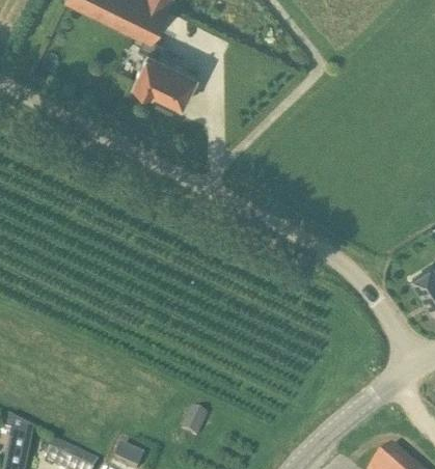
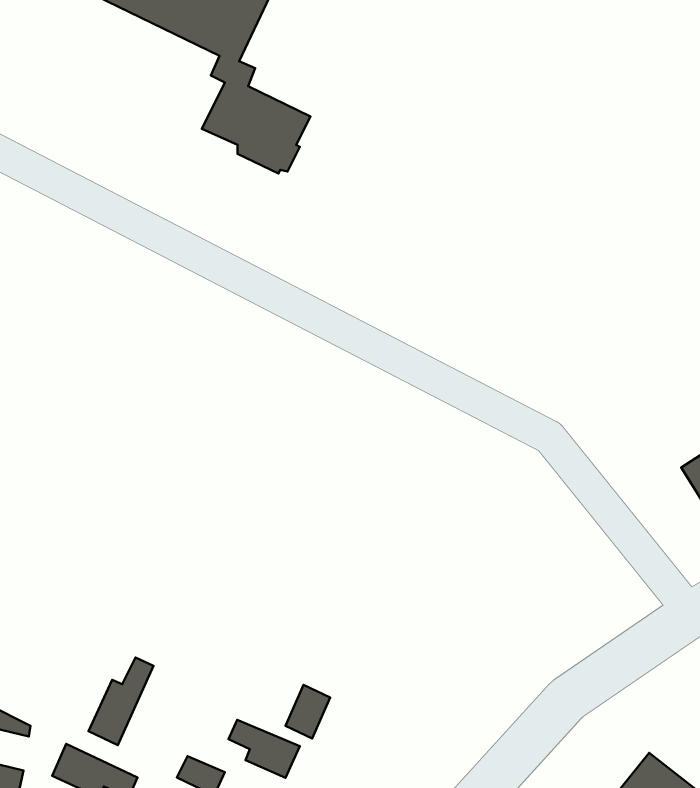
building: none -> [88,657,154,745]
building: none -> [229,720,300,778]

